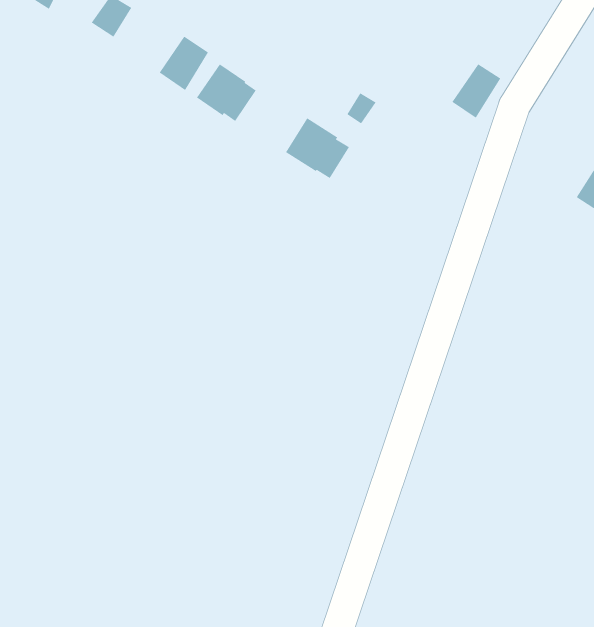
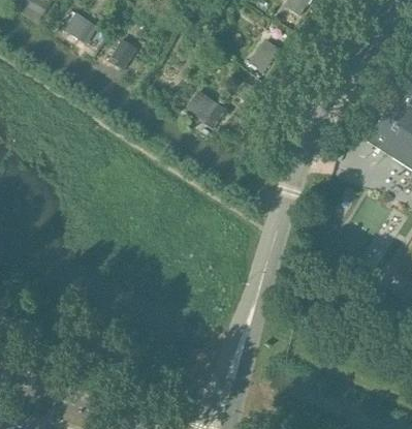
building: [196,63,257,122] -> none
building: [451,64,501,118] -> [250,38,281,72]

